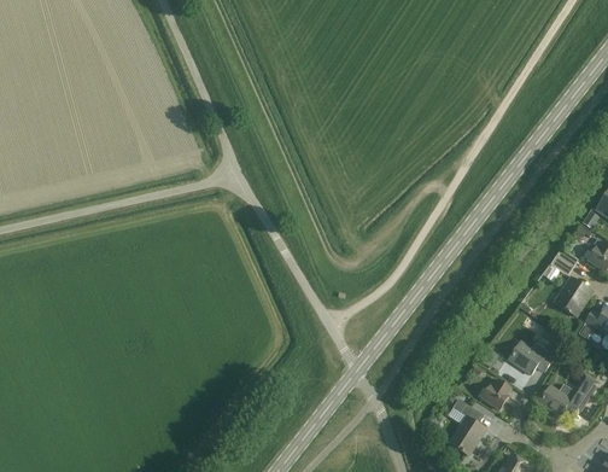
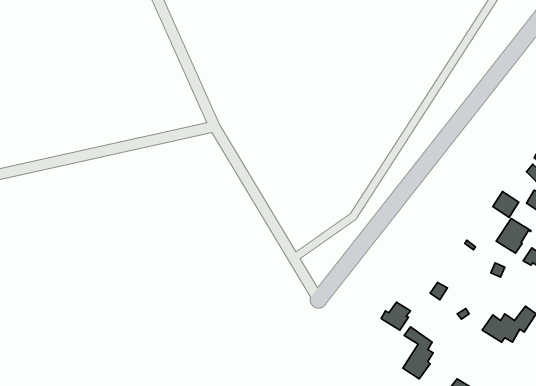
building: [508,342,553,374] -> none
building: [478,378,510,409] -> [381,302,411,330]

